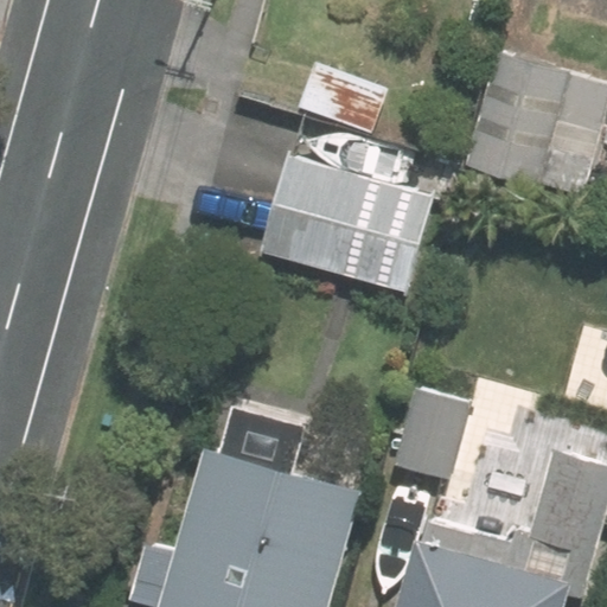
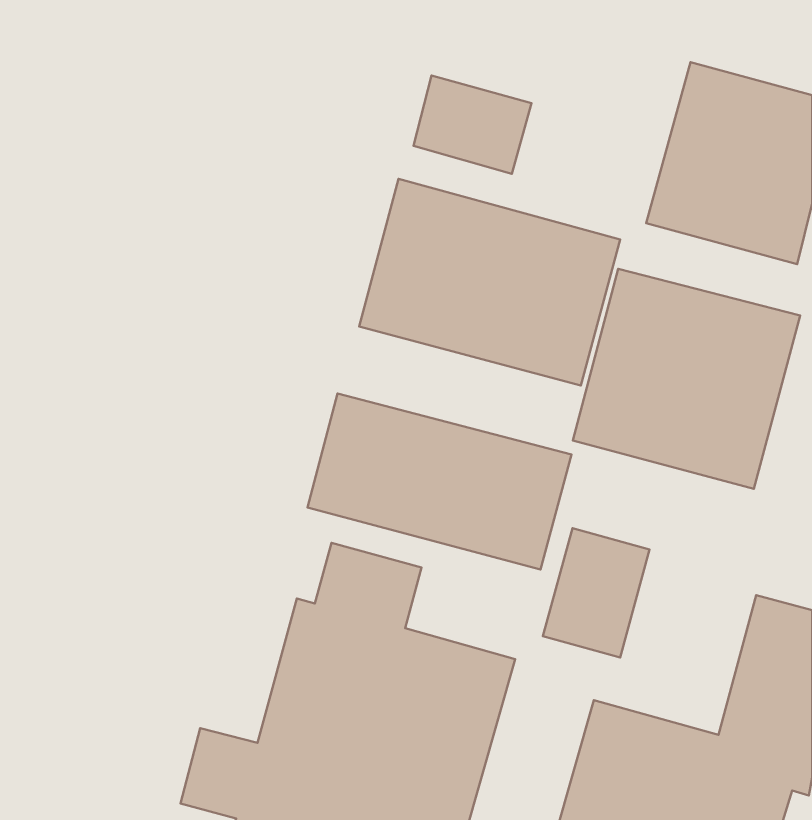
building: none -> [573,269,800,489]
building: none -> [307,393,571,570]

